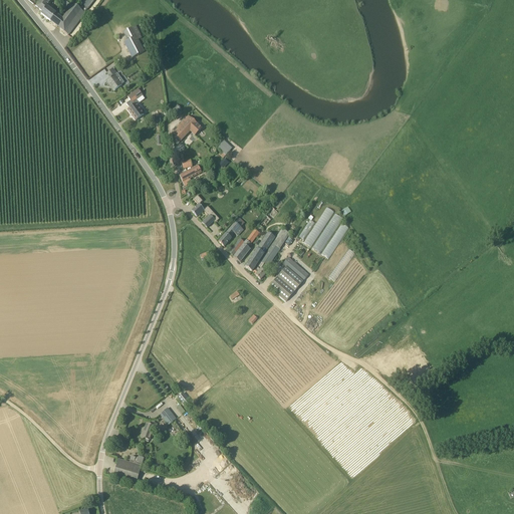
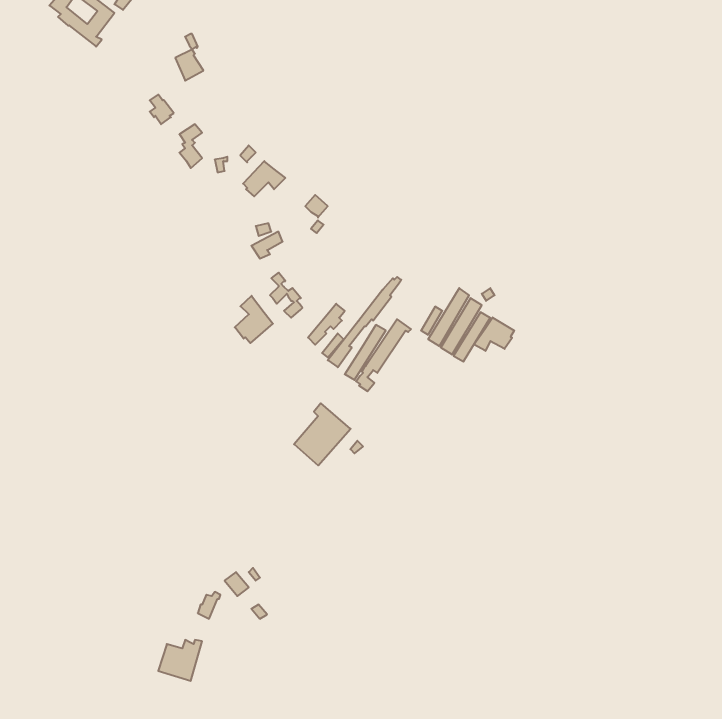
building: none -> [235,296,273,343]
building: none -> [474,317,514,351]
building: [269,256,309,300] -> [294,403,351,465]

